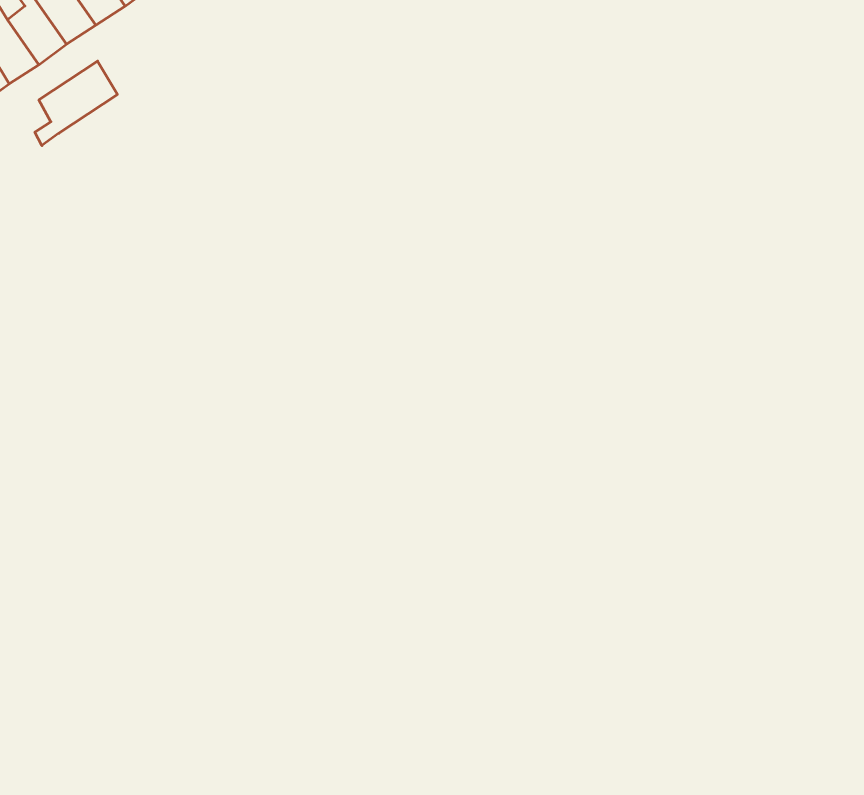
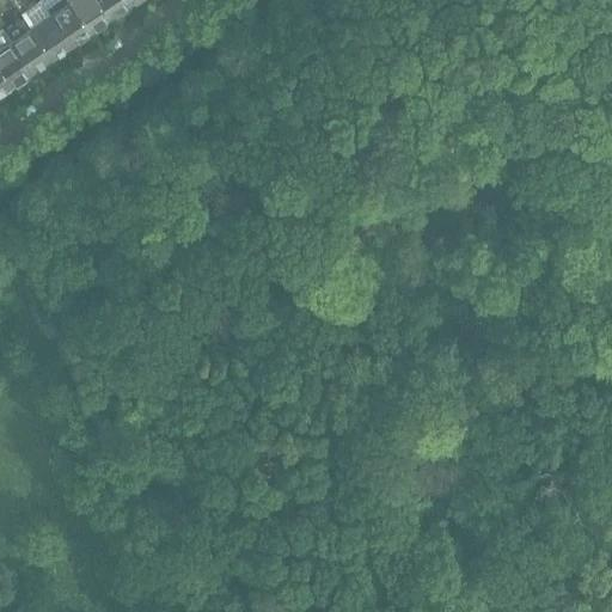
building: [35,61,117,146] -> none

